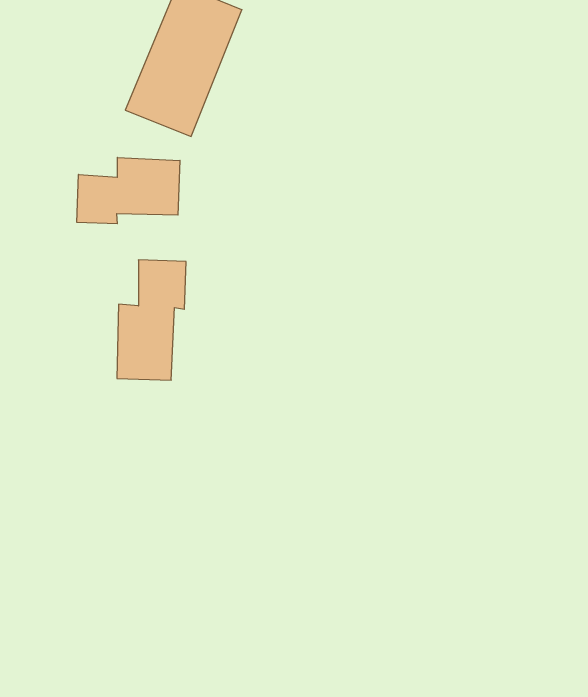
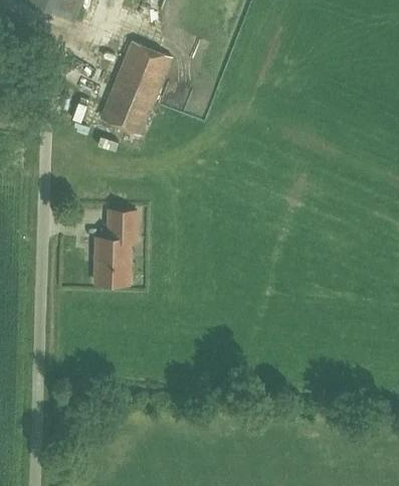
building: [77,157,180,224] -> none

